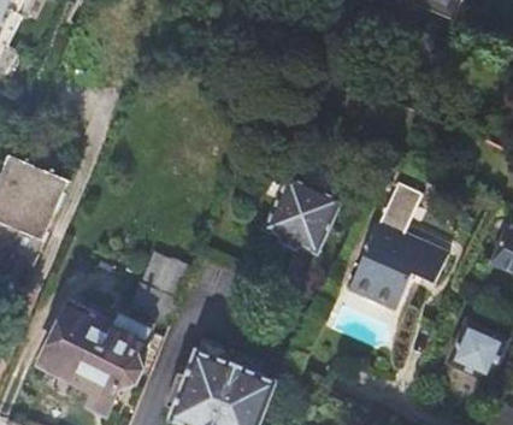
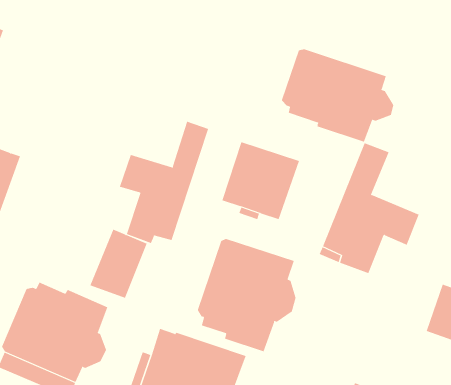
building: none -> [281,49,394,142]
building: none -> [119,121,209,244]
building: none -> [197,238,296,352]

